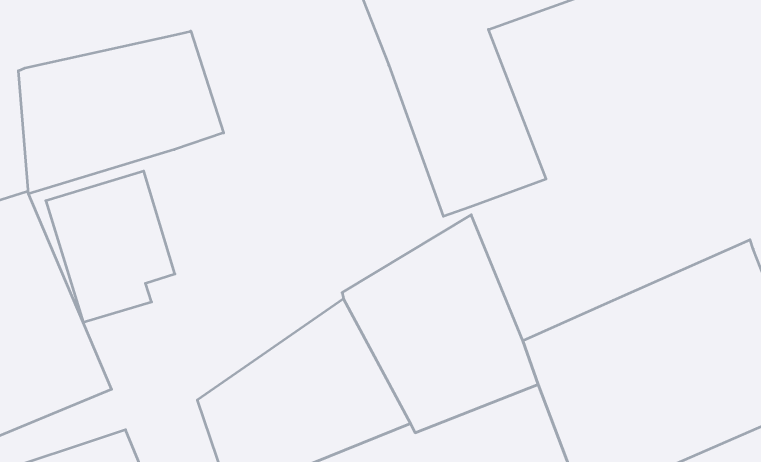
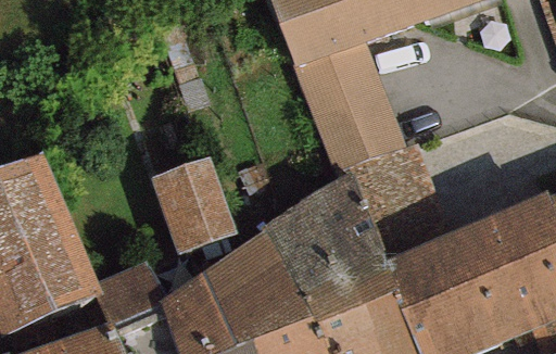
building: [18,31,224,194] -> none
building: [46,171,175,322] -> [146,163,236,268]
building: none -> [350,144,450,261]

